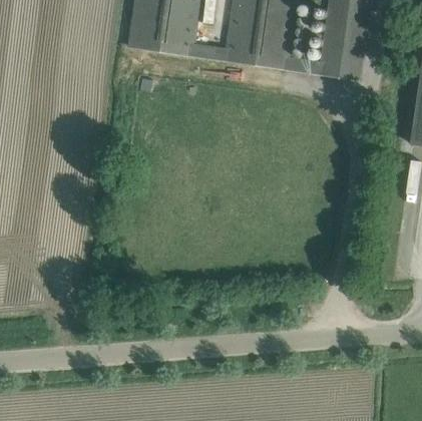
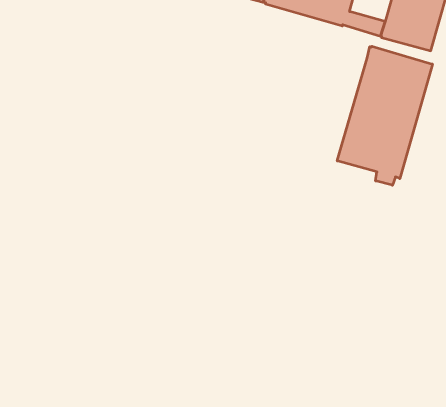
building: none -> [337,46,432,185]

